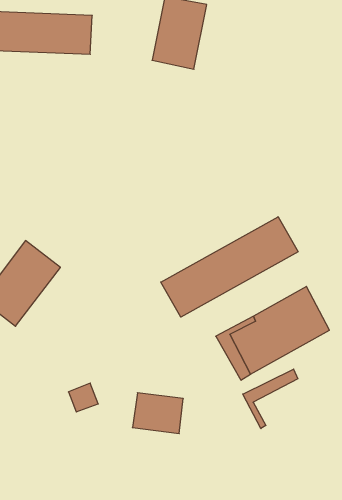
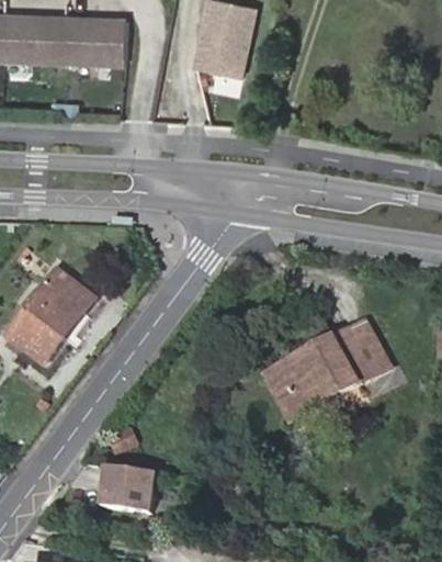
building: [161,217,298,317] -> none
building: [243,369,298,429] -> none
building: [132,393,183,434] -> [99,465,155,510]

